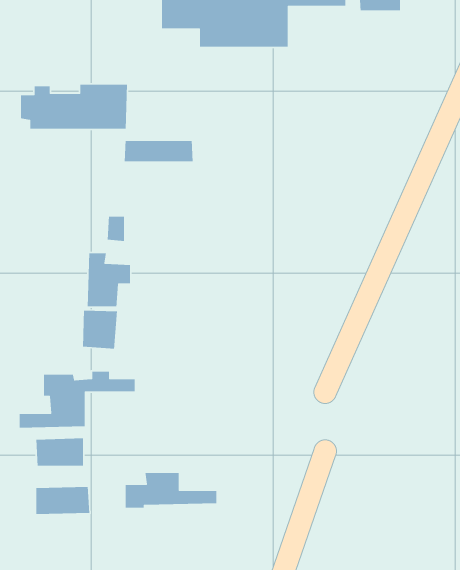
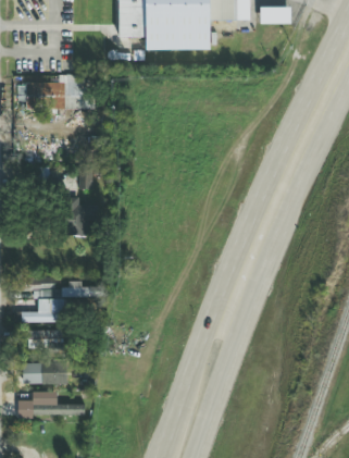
building: [124,140,194,162] -> none
building: [82,310,118,349] -> none
building: [125,472,217,509] -> [17,392,84,418]

